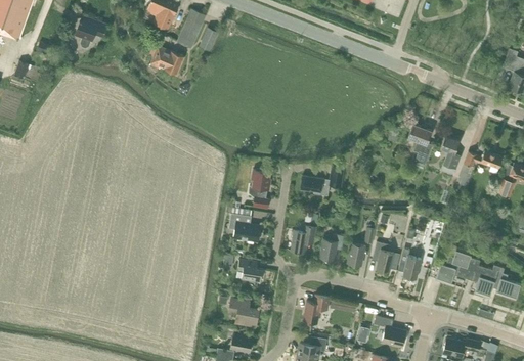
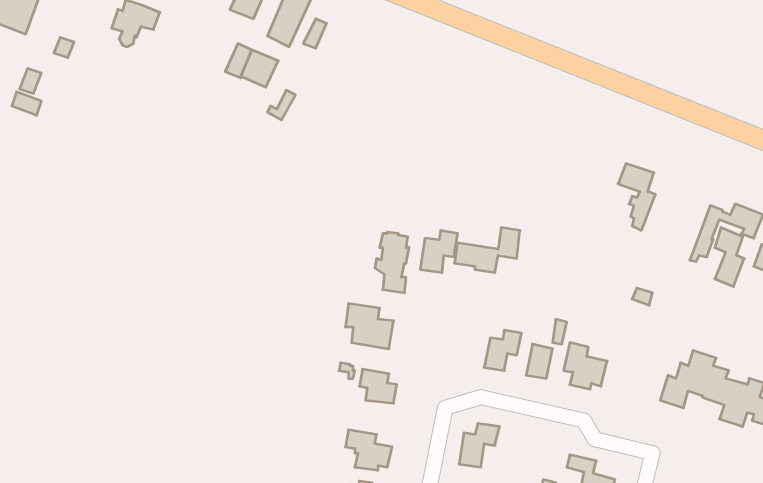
building: [440,136,460,175] -> [715,227,744,287]
building: [291,226,315,254] -> [420,230,458,273]
building: [397,249,421,279] -> none

